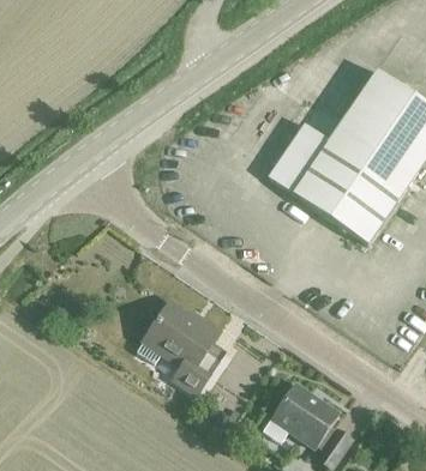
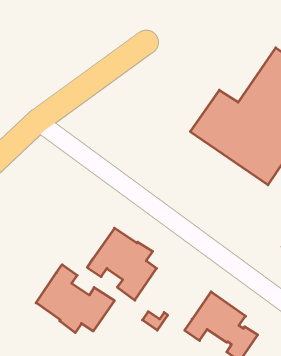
building: none -> [36,265,114,333]

